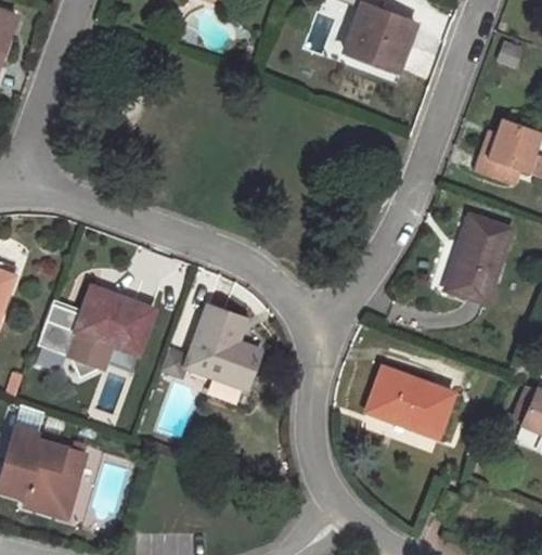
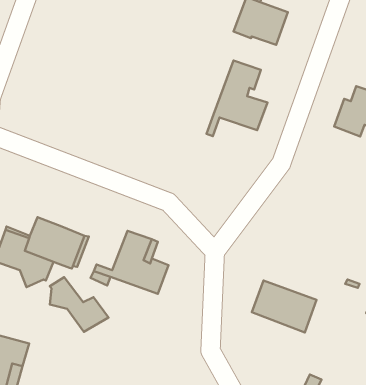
building: none -> [206,61,268,136]
building: [451,216,511,302] -> none
building: none -> [50,277,109,332]

